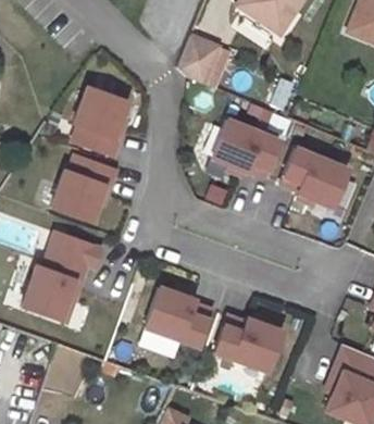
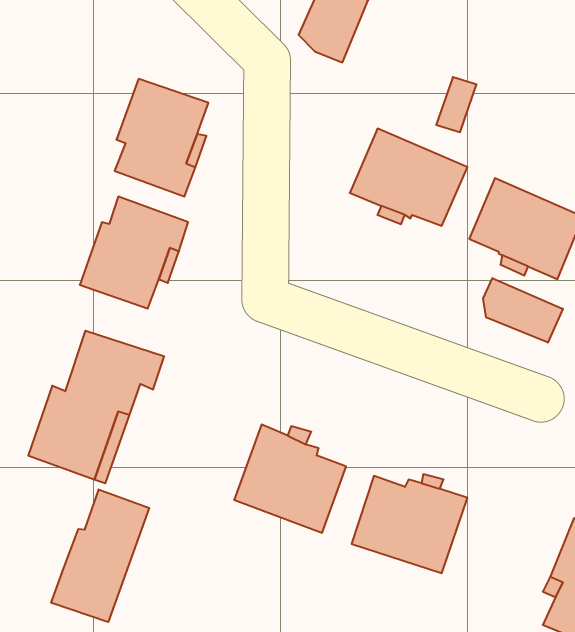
building: none -> [483,278,563,343]
building: none -> [51,489,149,622]

